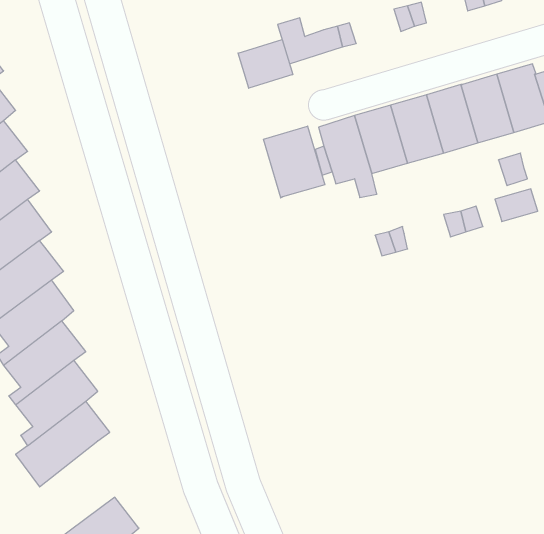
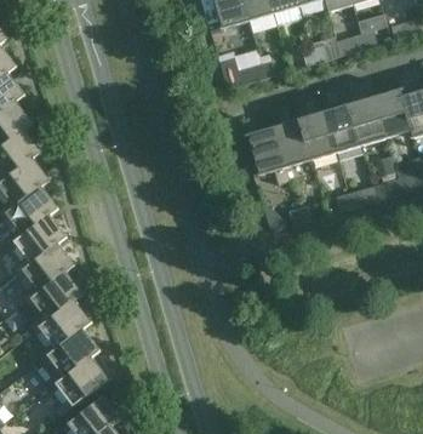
building: [238,39,293,88] -> none
building: [264,126,325,198] -> none
building: none -> [50,355,108,416]

